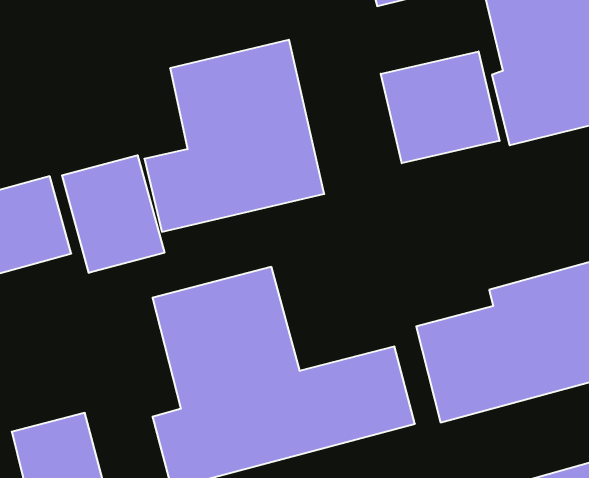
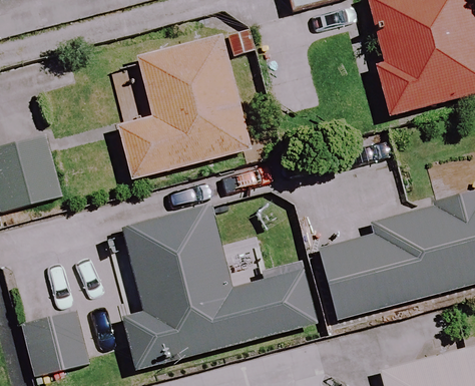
building: [381,51,500,163] -> none
building: [62,155,164,273] -> none

